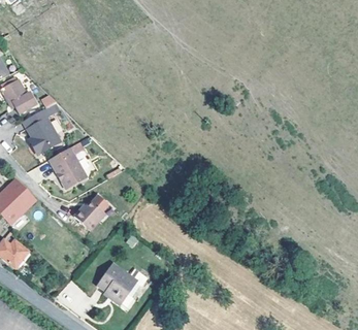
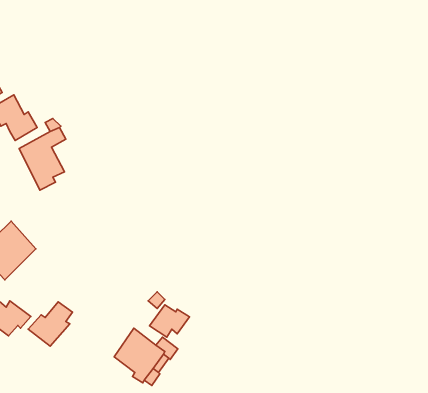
building: [48,148,87,191] -> none
building: [73,194,108,229] -> [28,302,72,346]
building: none -> [149,305,190,337]

